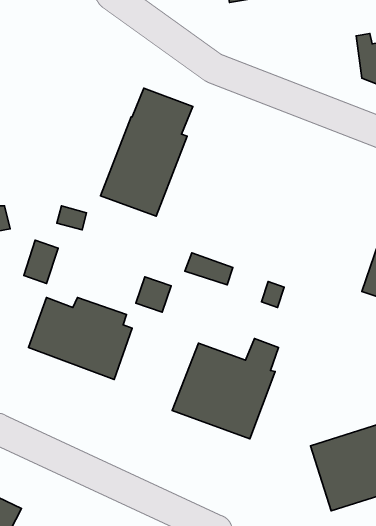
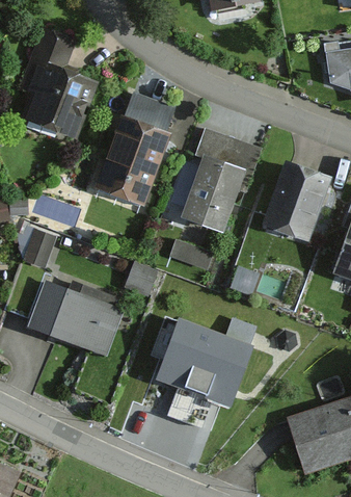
building: none -> [20,27,98,138]
building: none -> [179,127,262,236]
building: none -> [264,163,330,240]

